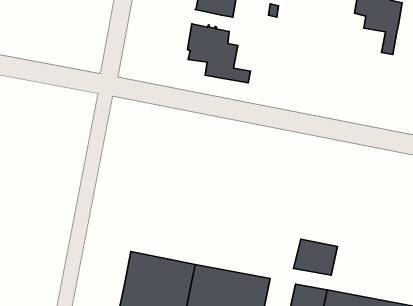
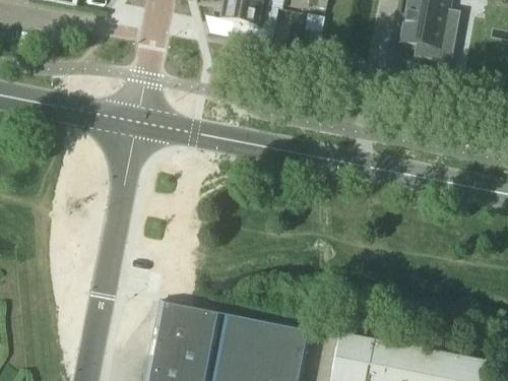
building: [187,24,251,83] -> none
building: [293,239,338,275] -> none

